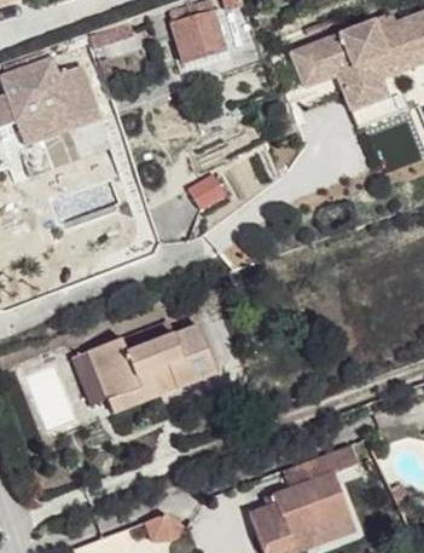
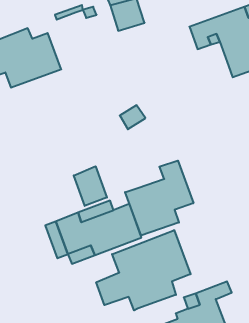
building: none -> [125,161,193,236]
building: none -> [74,166,107,206]
building: none -> [96,230,191,310]

